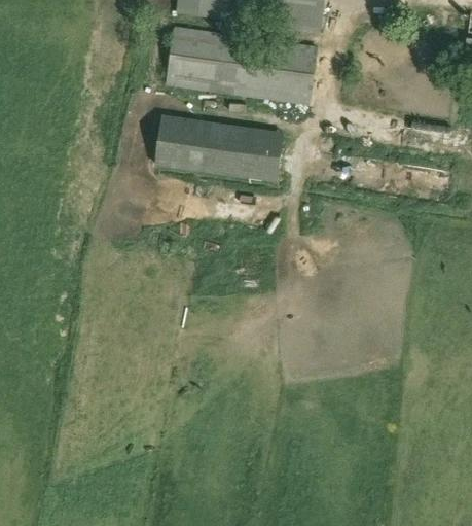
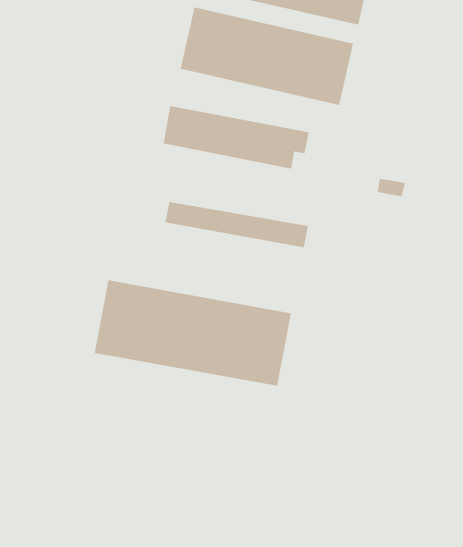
building: [152,155,279,185] -> [165,202,309,248]
building: none -> [94,280,292,387]

